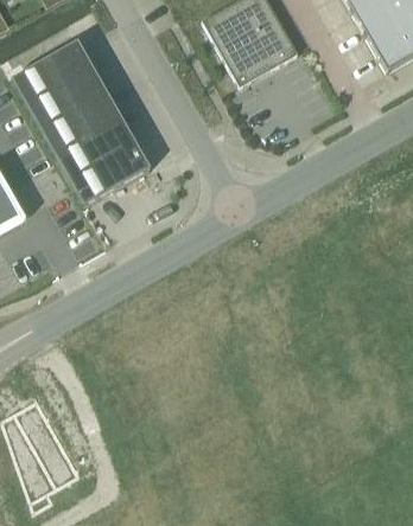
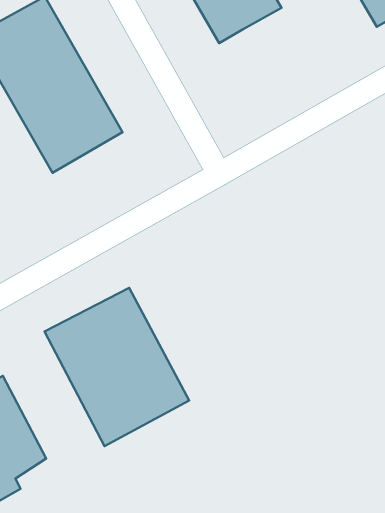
building: none -> [44,288,189,446]

